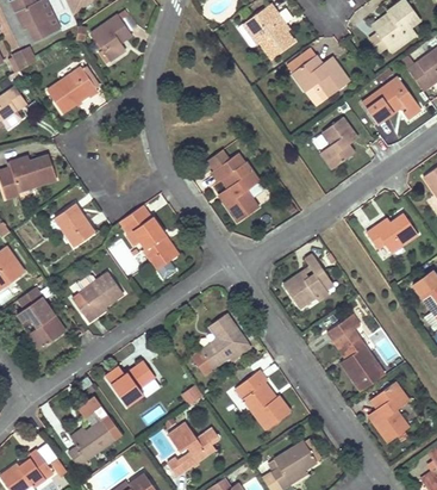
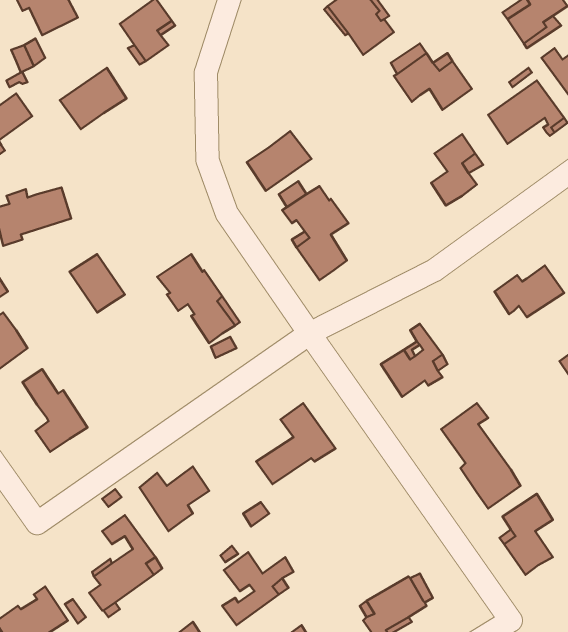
building: none -> [247,131,311,191]
building: [79,272,123,322] -> none
building: [233,370,288,429] -> none

